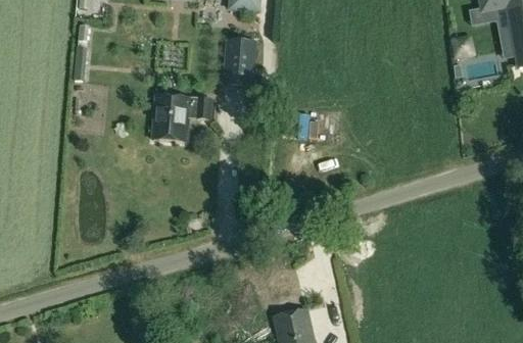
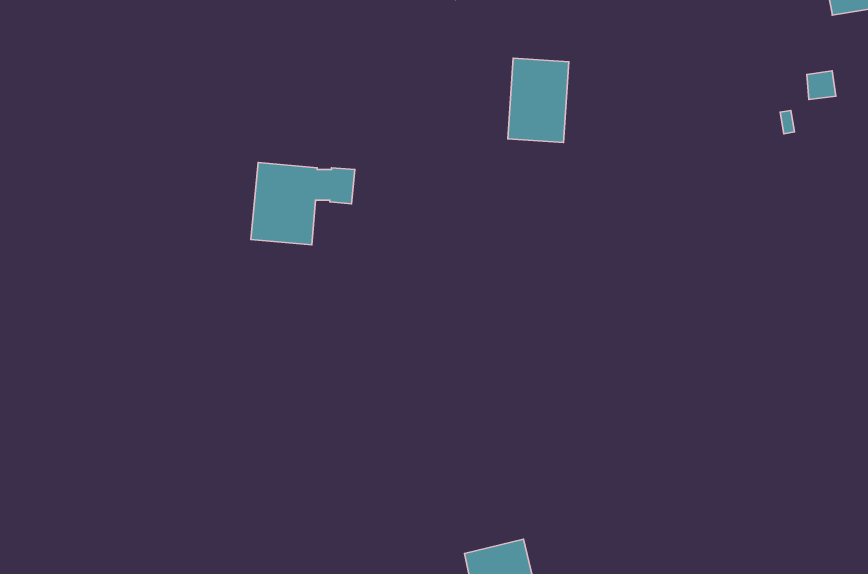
building: [222,39,256,87] -> [508,58,569,143]

